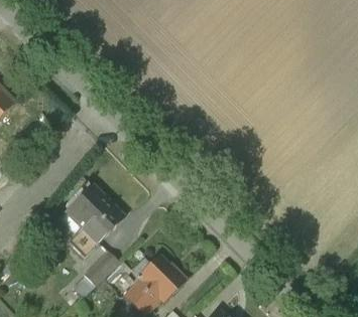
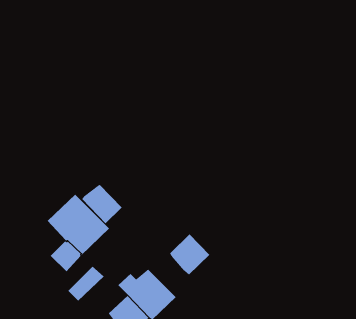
building: none -> [81,184,123,224]
building: none -> [169,233,210,276]

